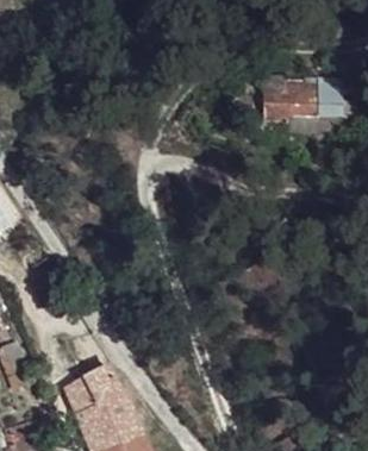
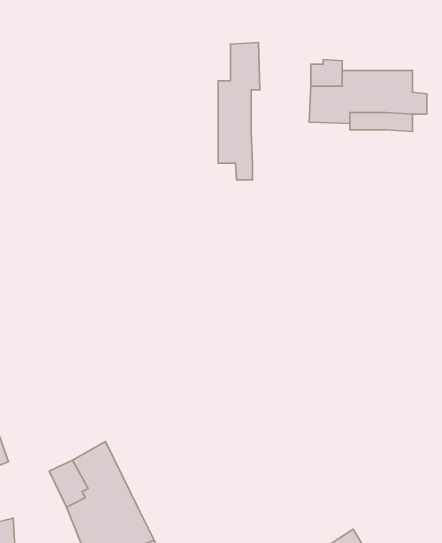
building: none -> [218,42,260,180]

